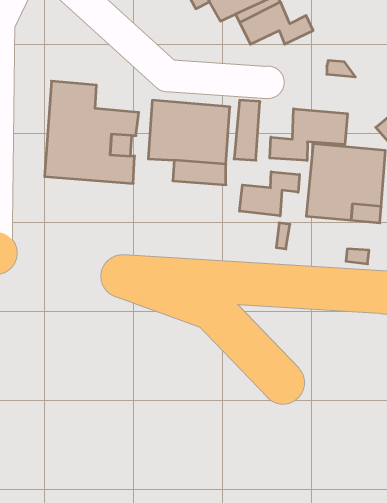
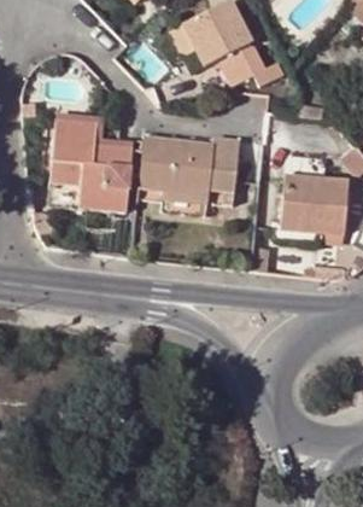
building: [270,109,347,161] -> none
building: [240,172,299,216] -> none

